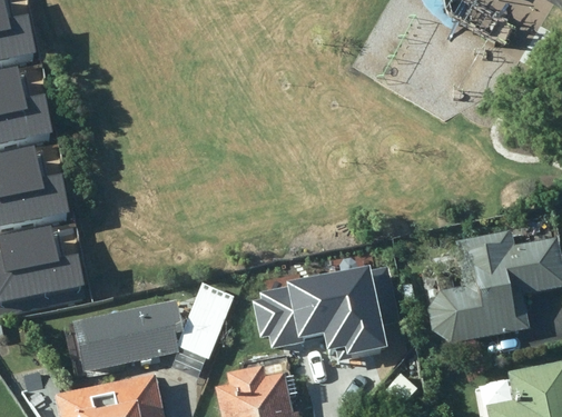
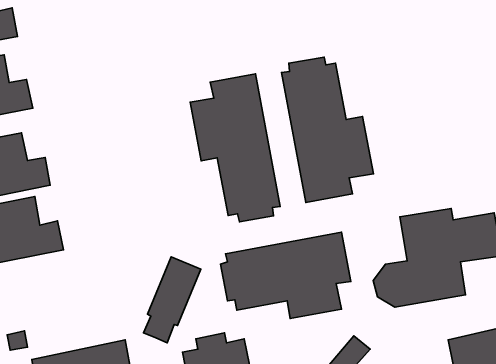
building: none -> [282,57,374,202]
building: none -> [190,74,280,222]
building: [65,304,175,375] -> none

